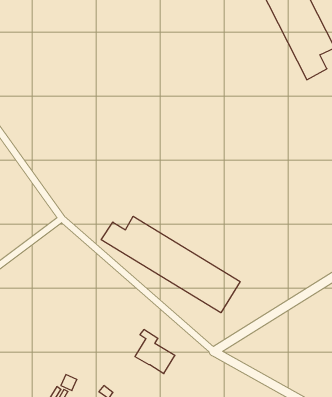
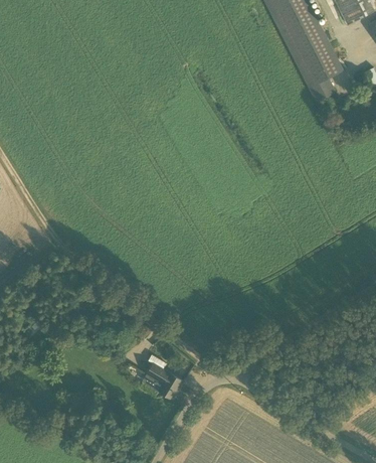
building: [101,216,240,313] -> none

